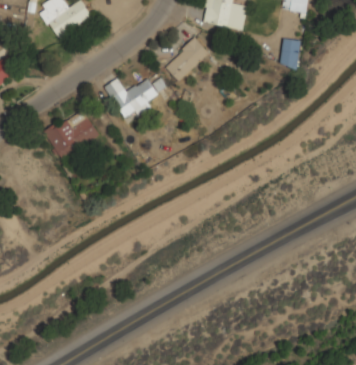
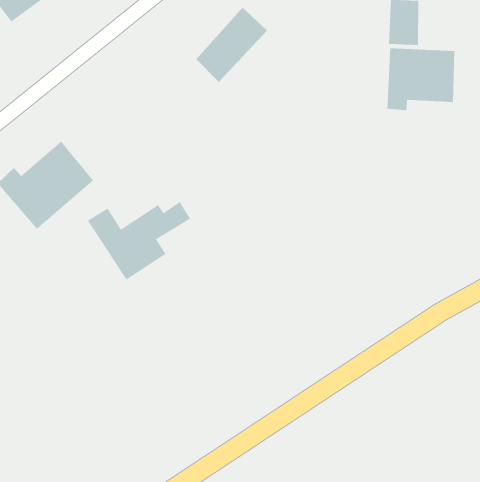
building: none -> [386,47,455,111]
building: [105,77,167,122] -> [87,201,191,280]

